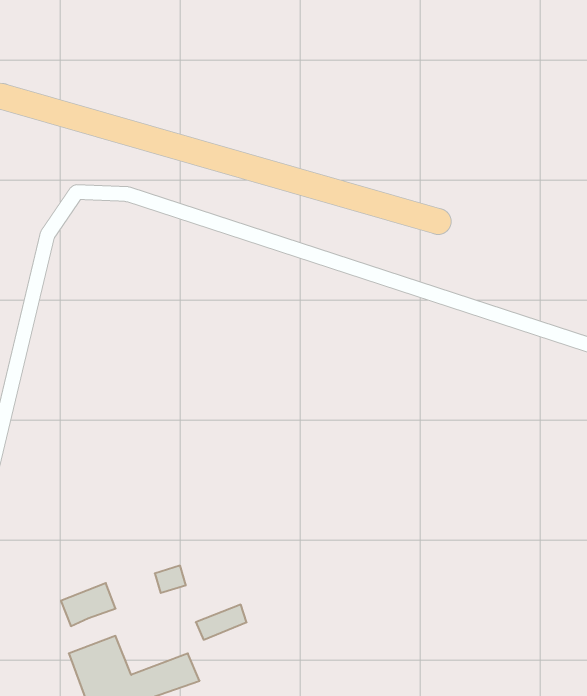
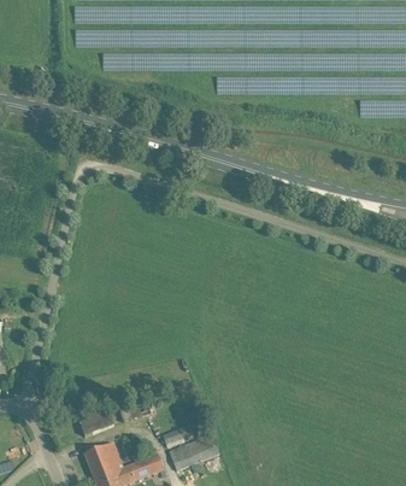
building: none -> [167,433,218,470]

